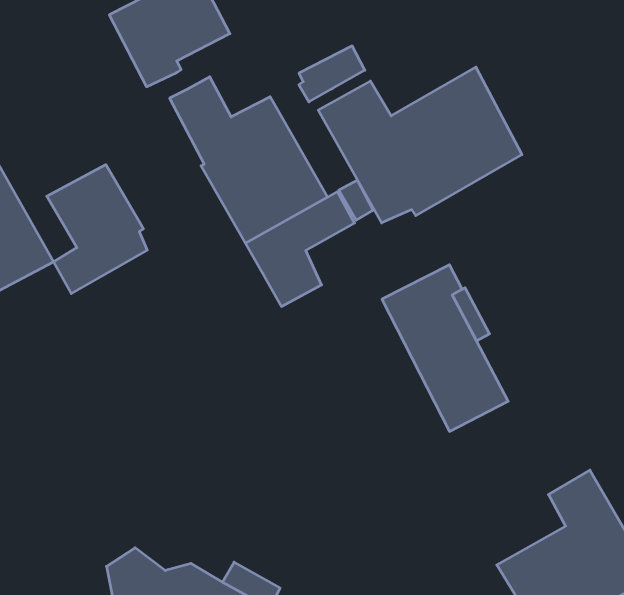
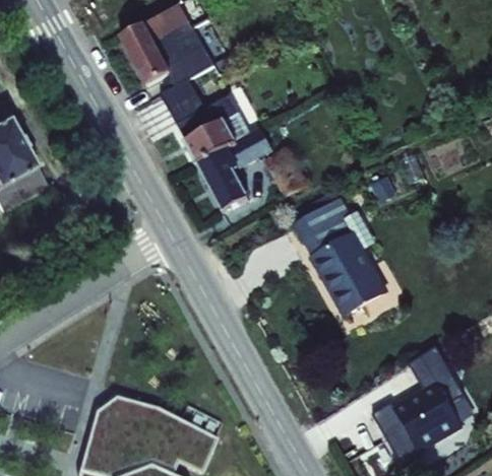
building: [299,46,365,102] -> [148,33,195,73]
building: [318,67,522,223] -> none
building: [47,165,147,294] -> none

